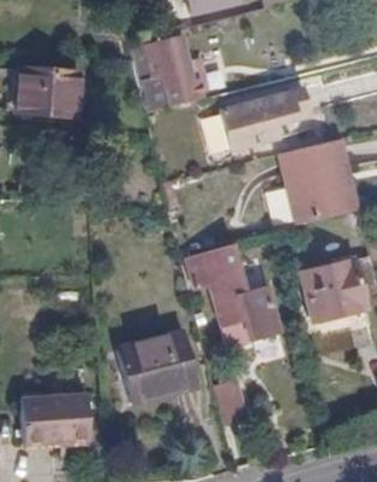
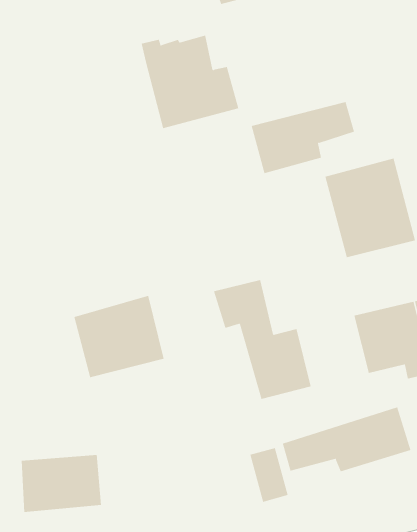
building: [27,69,88,116] -> none
building: [121,330,197,399] -> [73,295,165,378]
building: none -> [282,406,411,472]

